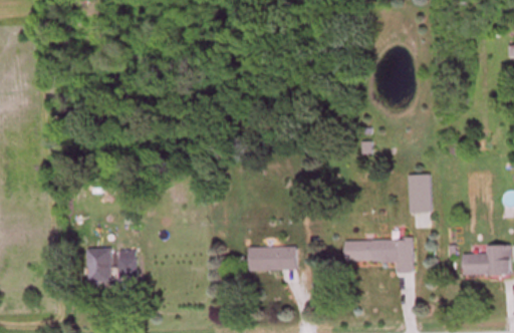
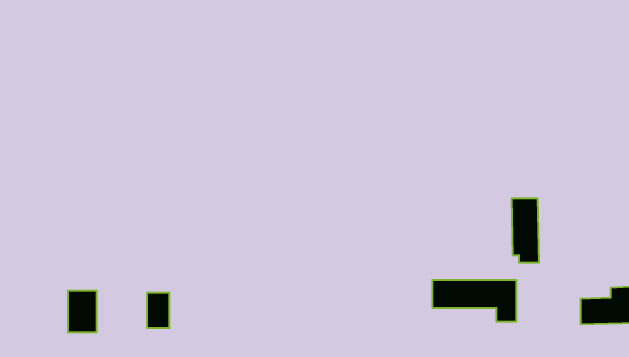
building: [248,246,296,270] -> none
building: [87,248,110,281] -> [68,291,97,332]

